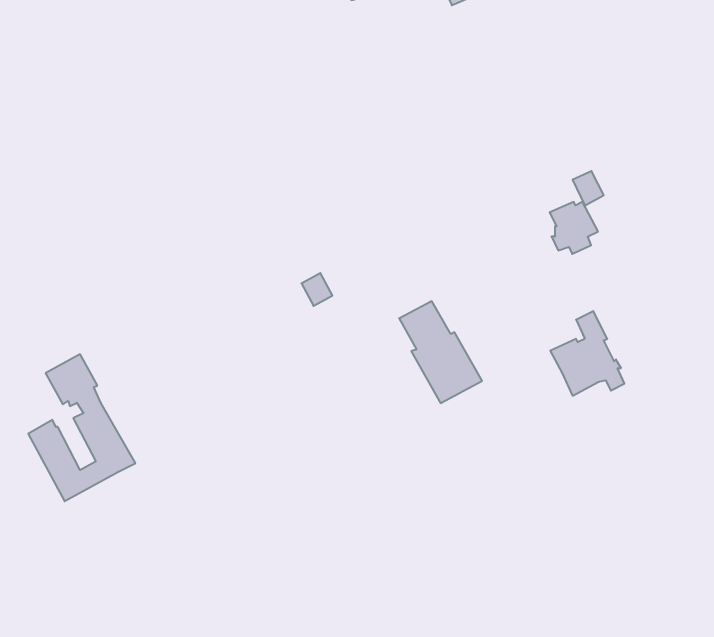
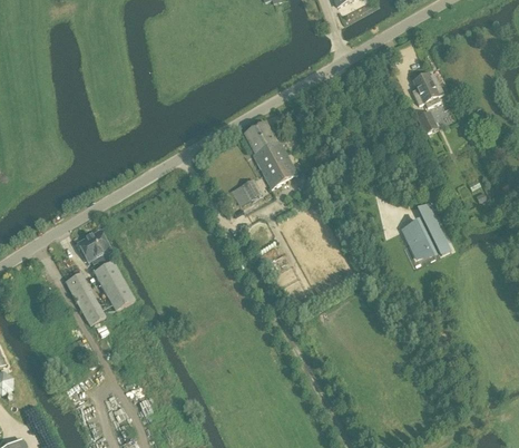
building: [550,202,598,254] -> [411,74,442,107]
building: [399,301,482,403] -> [243,121,296,187]

